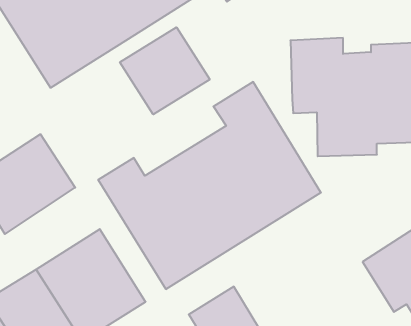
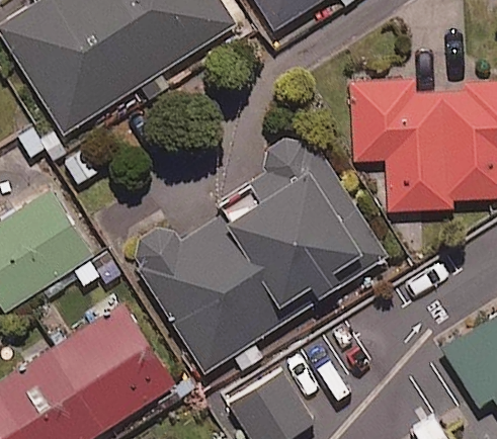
building: [120,27,210,114] -> none

